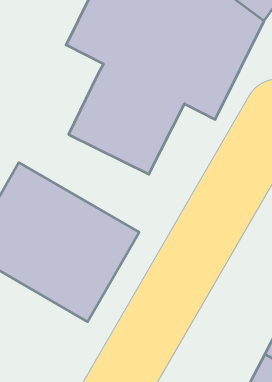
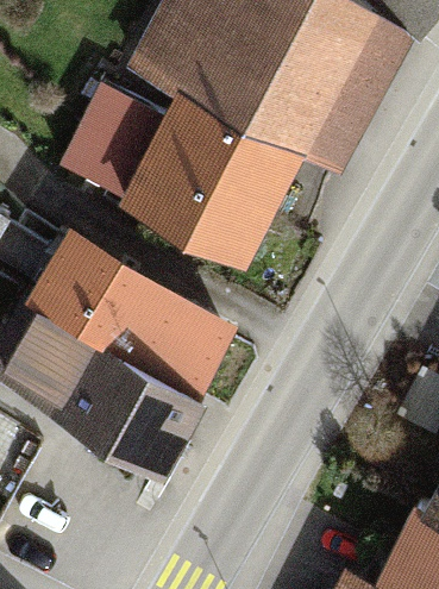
building: none -> [59,76,175,199]

